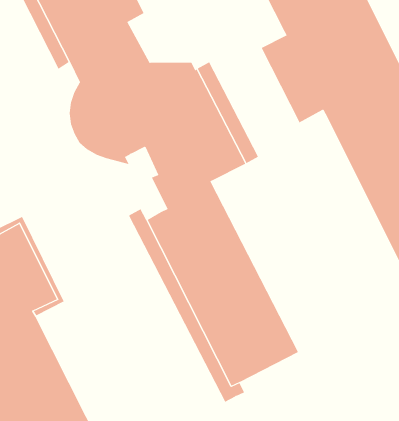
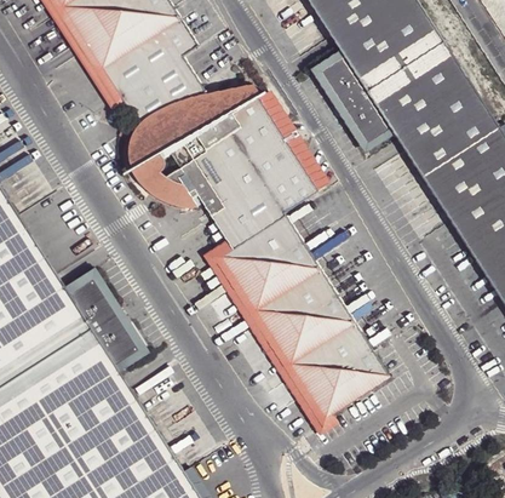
building: none -> [314,53,392,151]
building: none -> [199,187,241,261]

